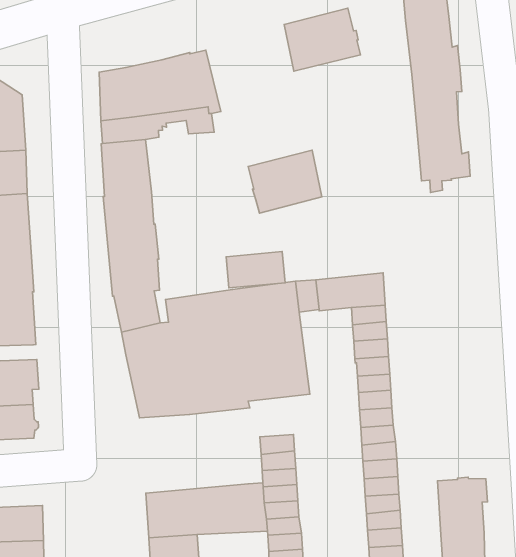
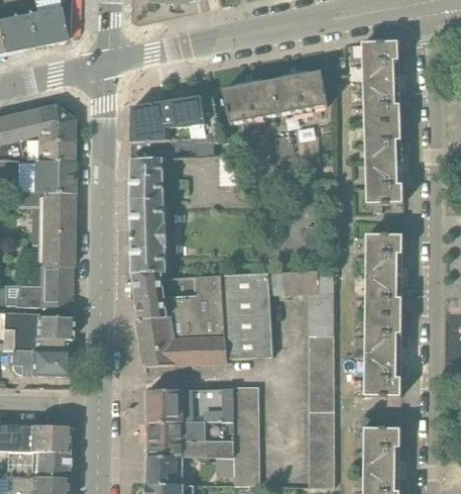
building: [248,150,322,213] -> [223,80,276,124]
building: none -> [364,233,401,397]
building: [226,251,285,288] -> none
building: none -> [145,389,222,422]

